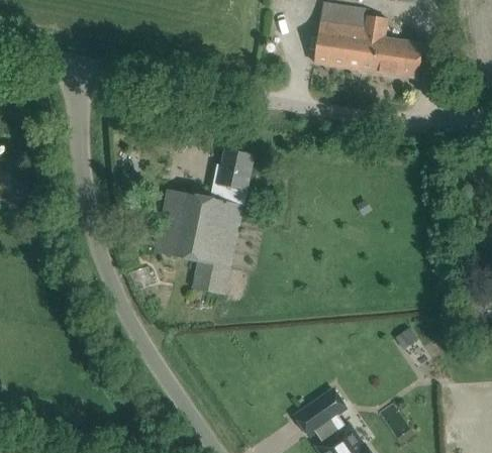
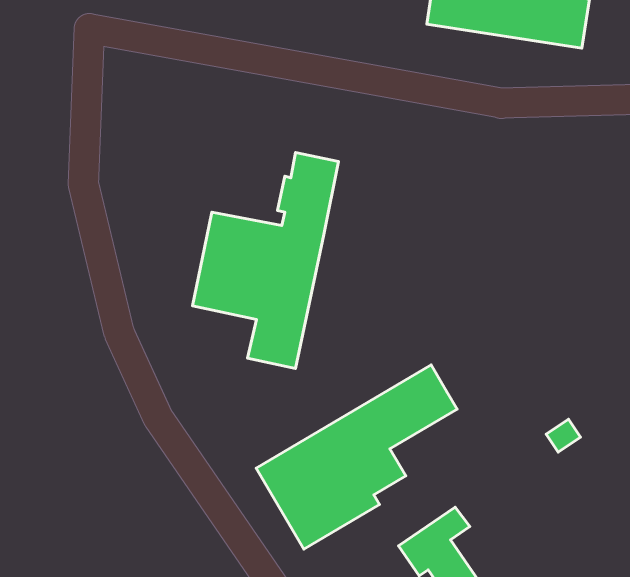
building: none -> [256,365,457,549]

